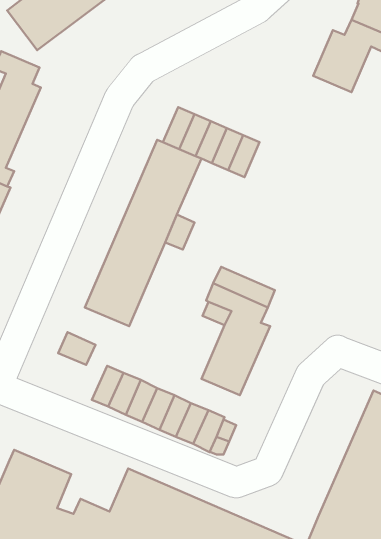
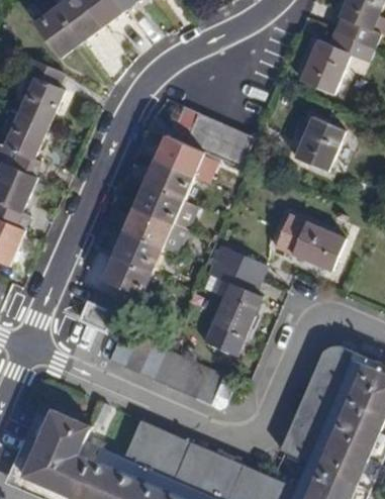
building: none -> [294,116,345,171]
building: none -> [274,213,346,271]
building: none -> [279,344,353,460]

